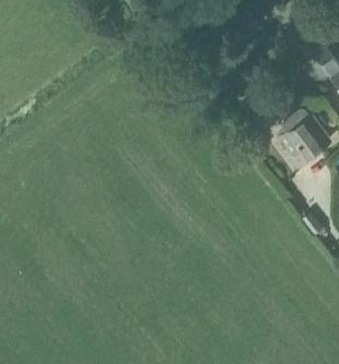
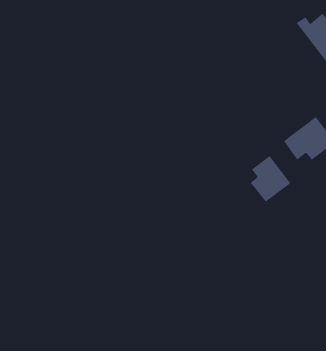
building: none -> [250,155,291,203]

